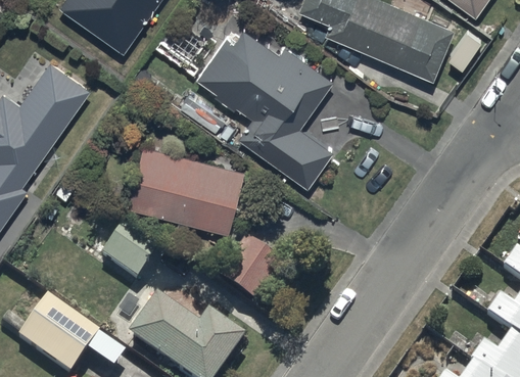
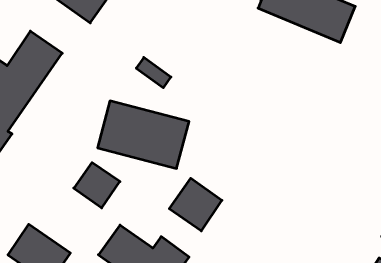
building: [202,34,334,188] -> none

